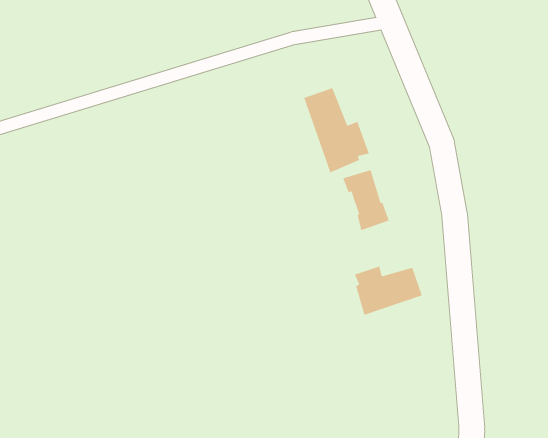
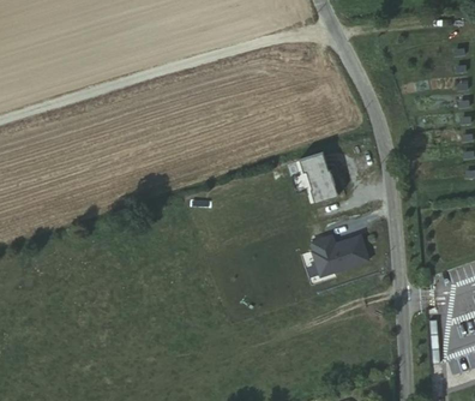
building: [303,87,370,173] -> none

